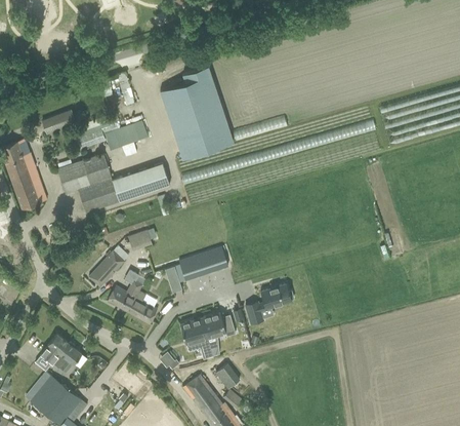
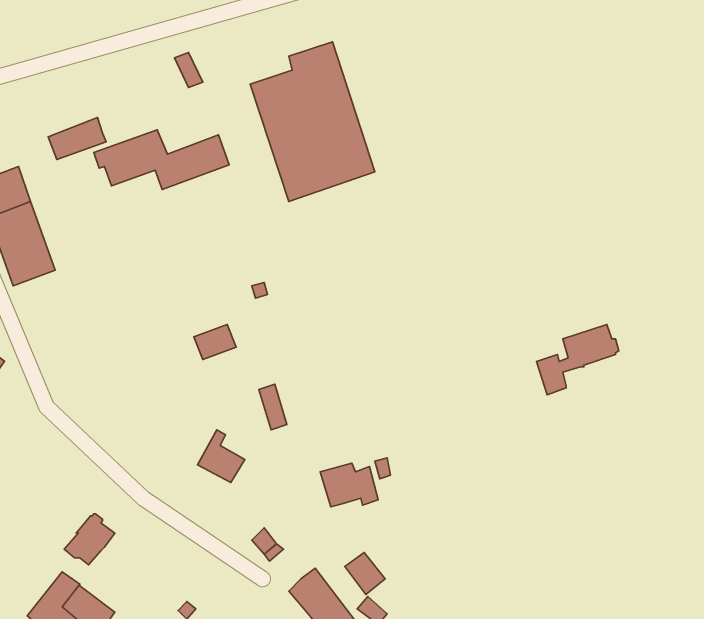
building: [57,154,169,212] -> none
building: [178,246,227,280] -> none
building: [88,250,124,287] -> none
building: [107,280,141,313] -> none
building: [245,283,293,324] -> [536,325,619,395]
building: [179,317,212,358] -> none
building: [35,334,67,370] -> none

